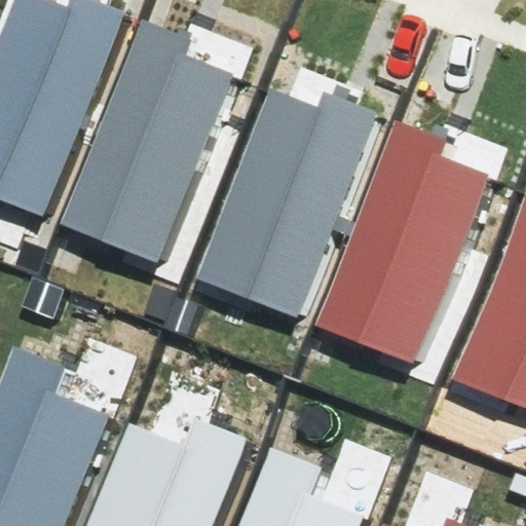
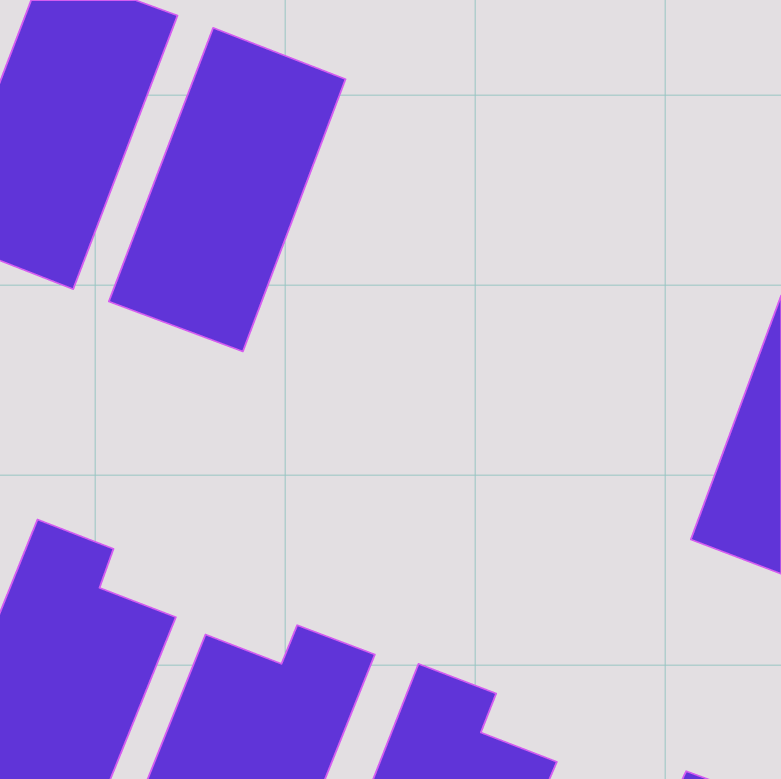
building: [200,88,356,302] -> none
building: [331,139,487,352] -> none

